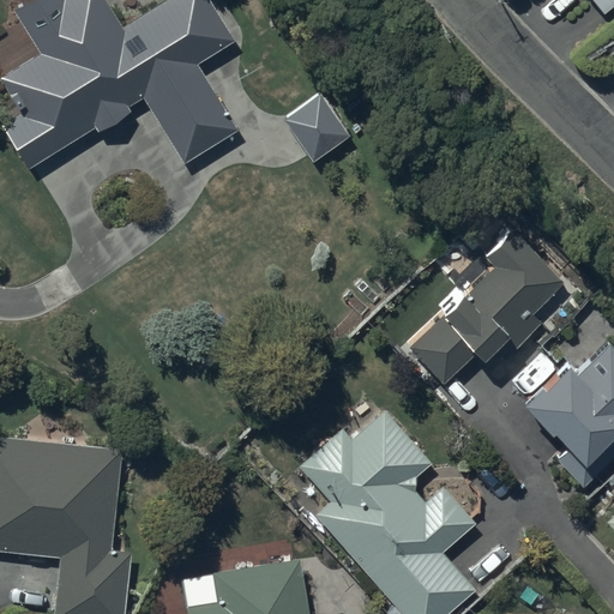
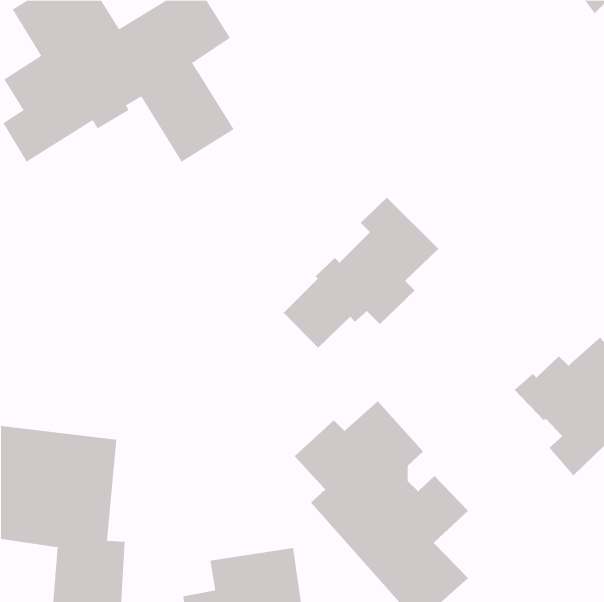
building: [282,92,349,161] -> none
building: [408,229,566,383] -> [283,197,439,348]

